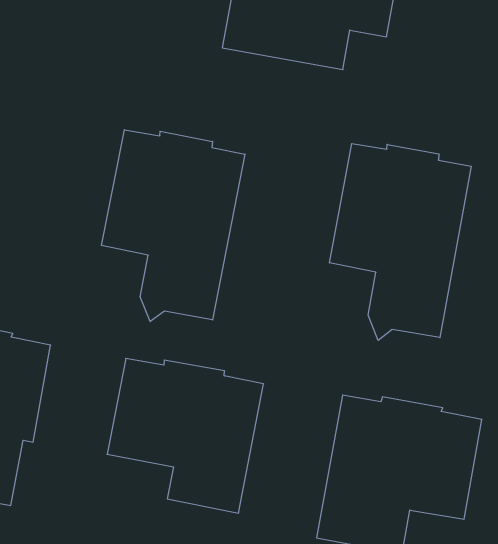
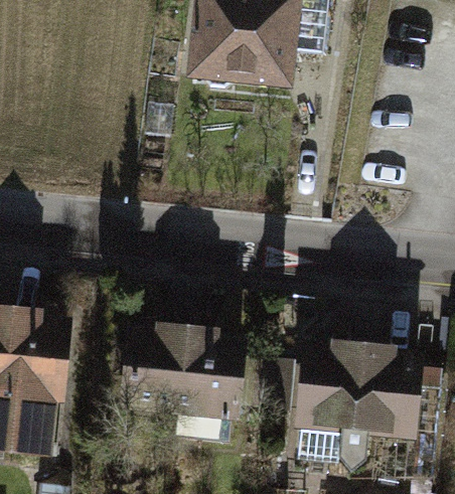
building: [102,130,245,322] -> none
building: [330,144,471,340] -> none

